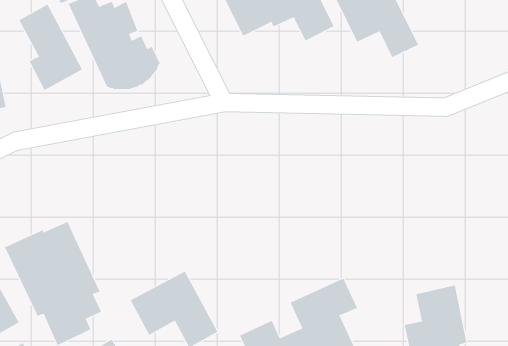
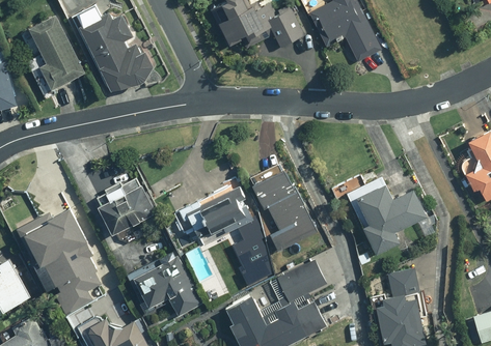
building: none -> [248,164,318,253]
building: none -> [346,176,429,258]
building: none -> [92,178,154,235]
building: none -> [176,184,272,286]

